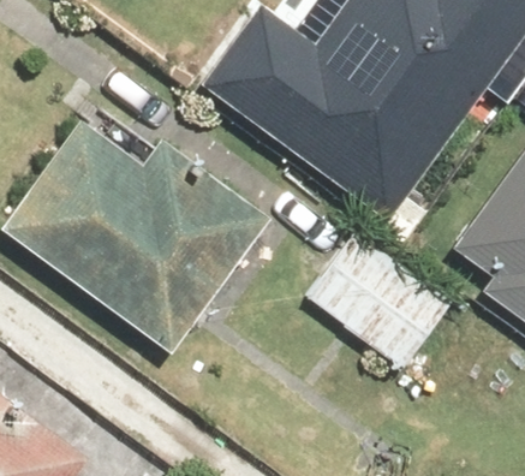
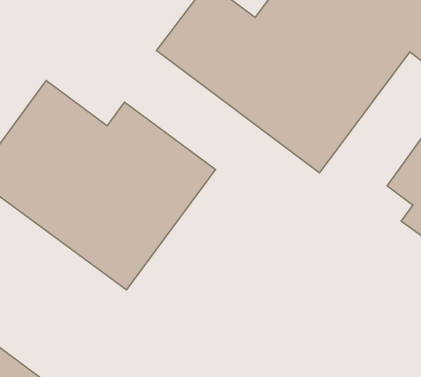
building: [306,228,453,368] -> none

